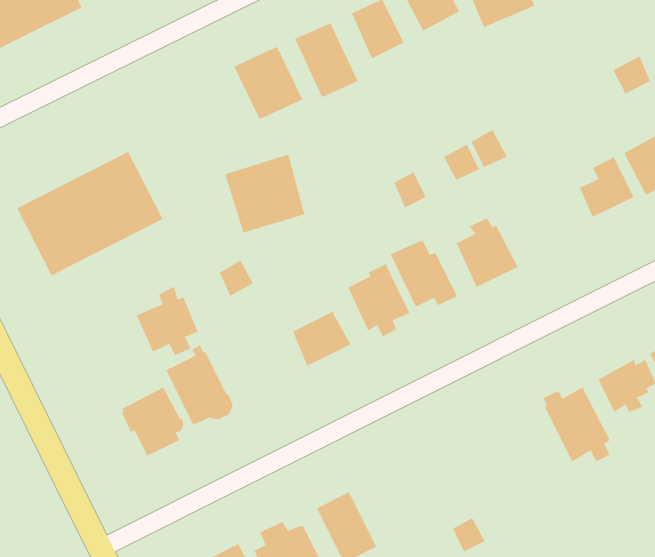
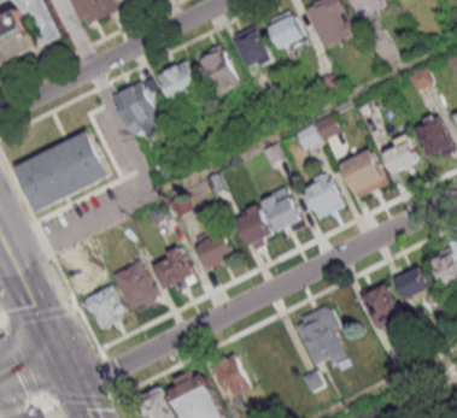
building: [224,154,305,233] -> [112,78,165,130]
building: none -> [339,149,387,199]
building: [136,286,198,356] -> [152,246,193,292]
building: none -> [293,306,348,371]

